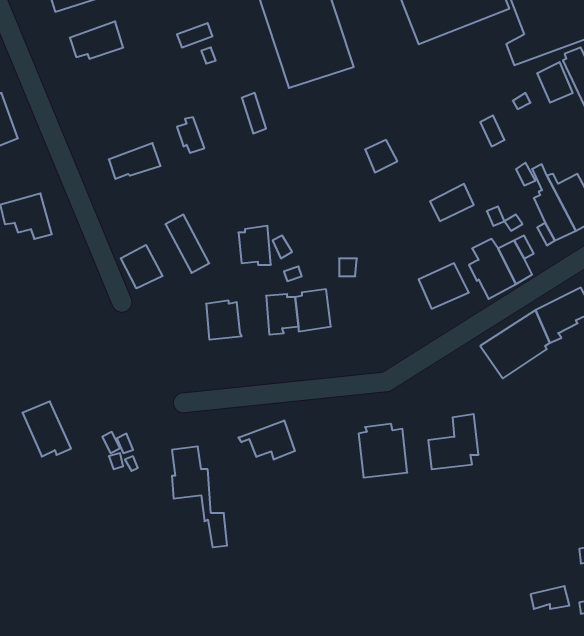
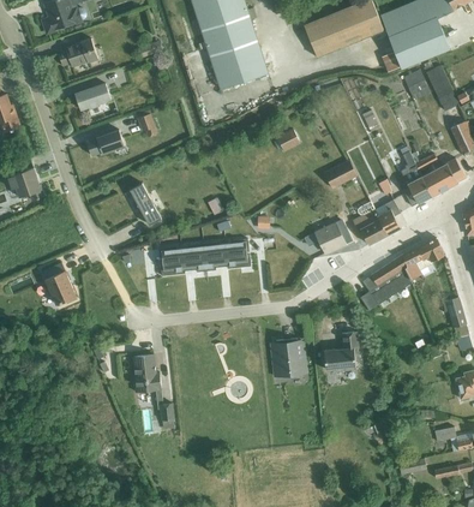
building: none -> [74,84,112,112]
building: [238,226,271,265] -> [181,243,205,272]
building: [121,245,163,288] -> none
building: [22,401,71,457] -> [41,263,77,304]
building: [238,420,295,460] -> none

